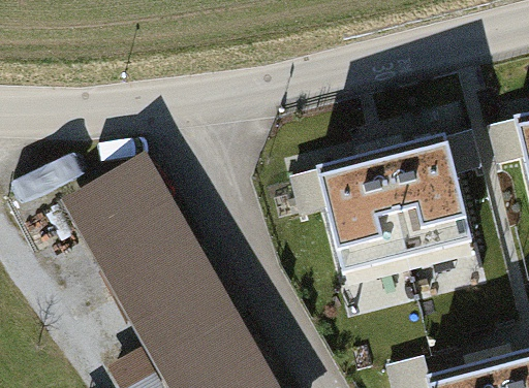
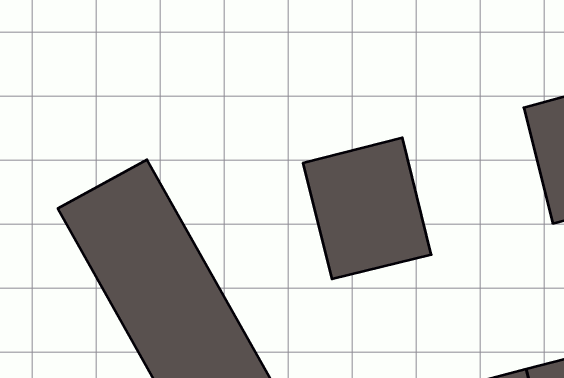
building: [381,129,496,255] -> none

